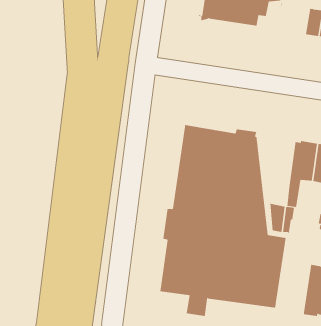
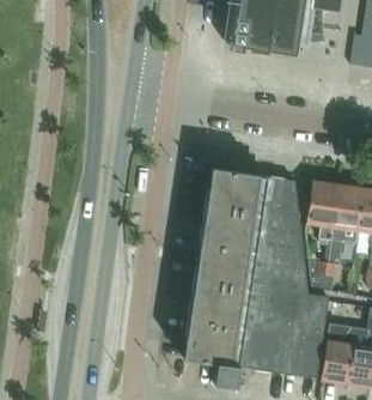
building: none -> [306,180,339,238]
building: none -> [322,322,356,382]

